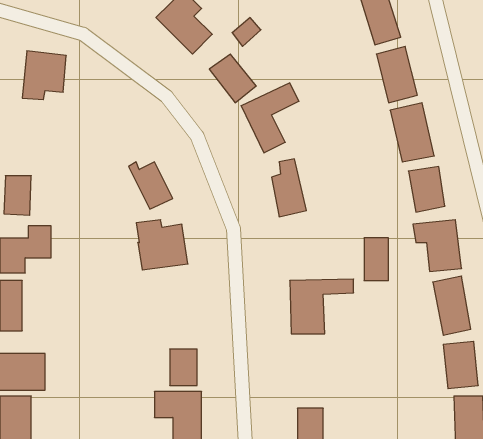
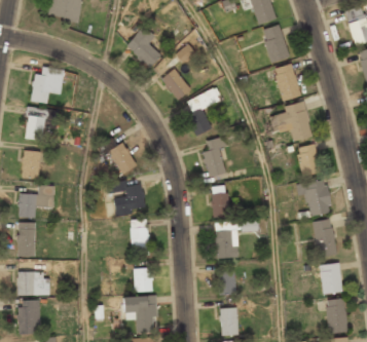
building: none -> [25,115,45,141]
building: [364,238,388,281] -> [211,188,227,217]
building: none -> [130,220,149,251]
building: none -> [220,271,235,296]

